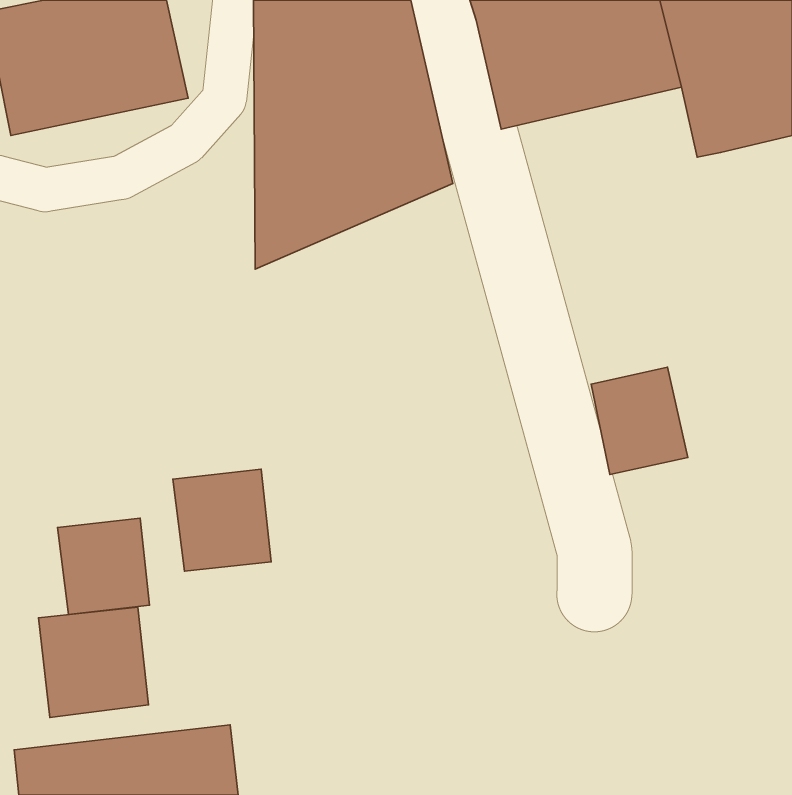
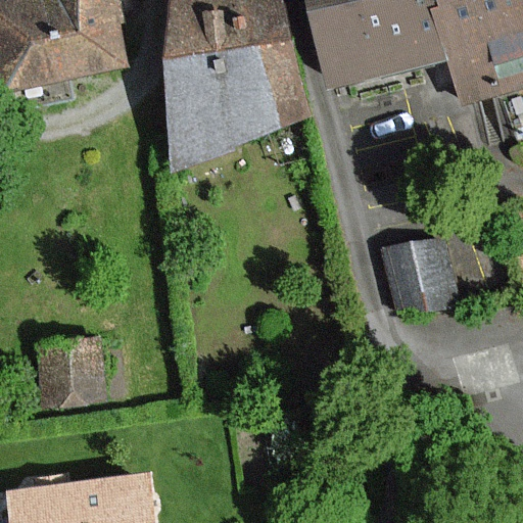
building: [173,469,271,571] -> none
building: [39,607,148,717] -> none

